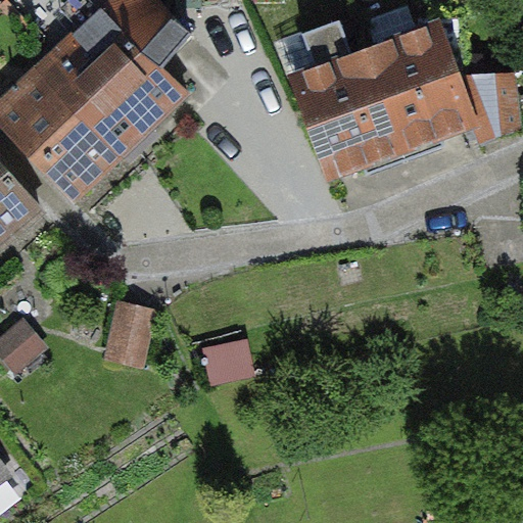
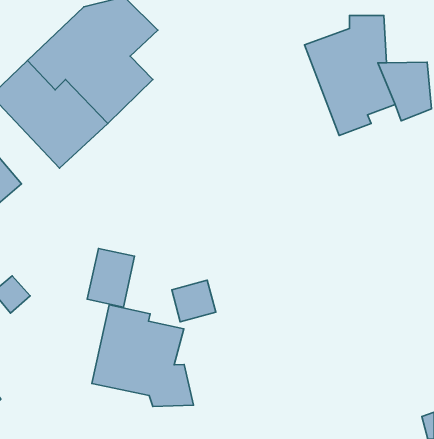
building: [289,21,401,176] -> none
building: none -> [92,305,194,407]

